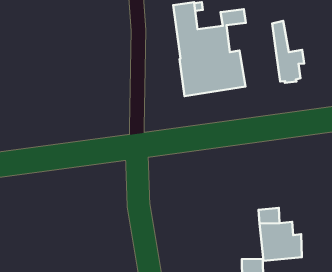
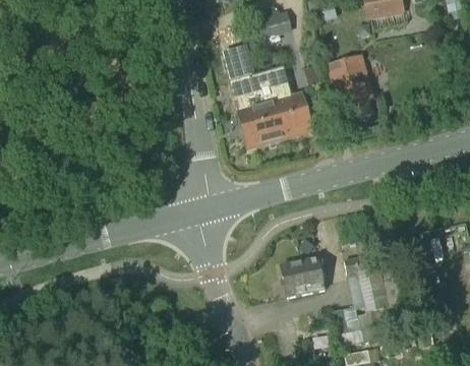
building: none -> [282,255,327,295]

